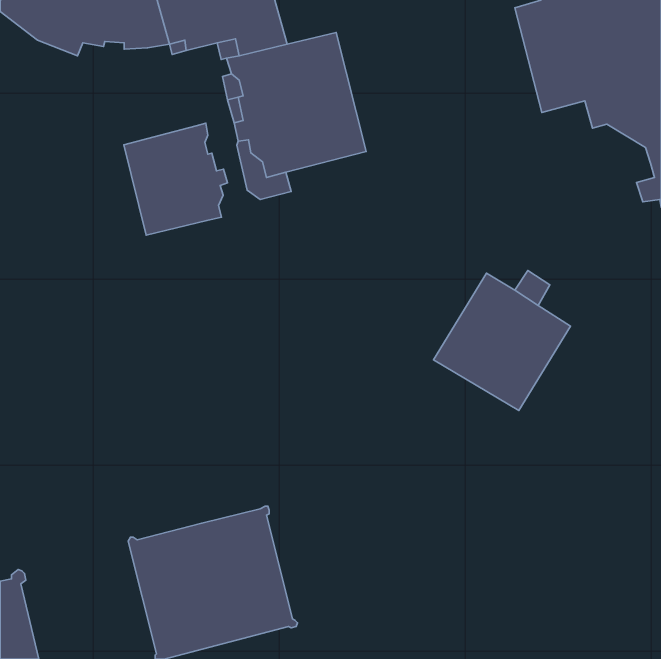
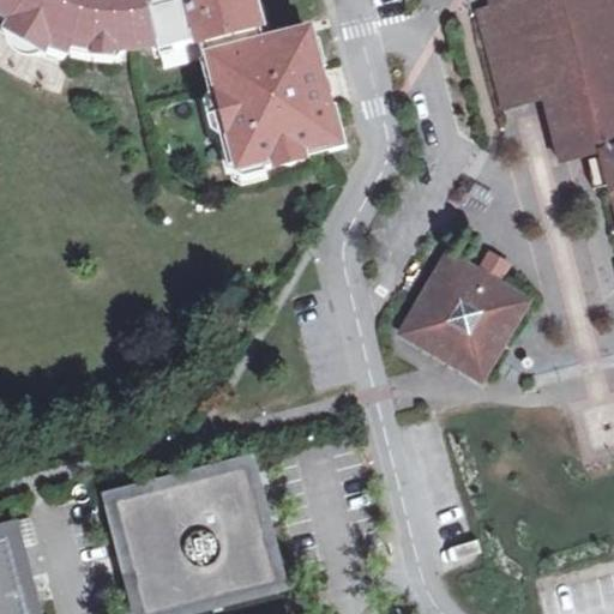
building: [124,123,227,235] -> none
building: none -> [549,115,603,162]

